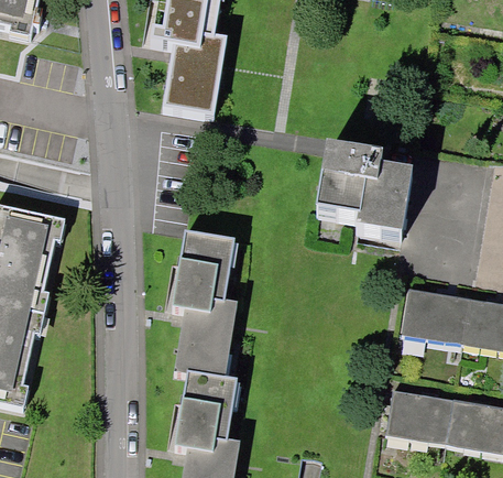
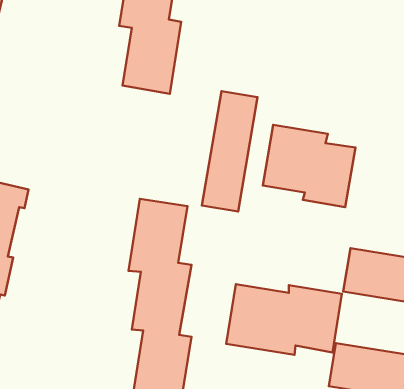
building: none -> [202,91,258,212]
building: none -> [226,284,342,355]

